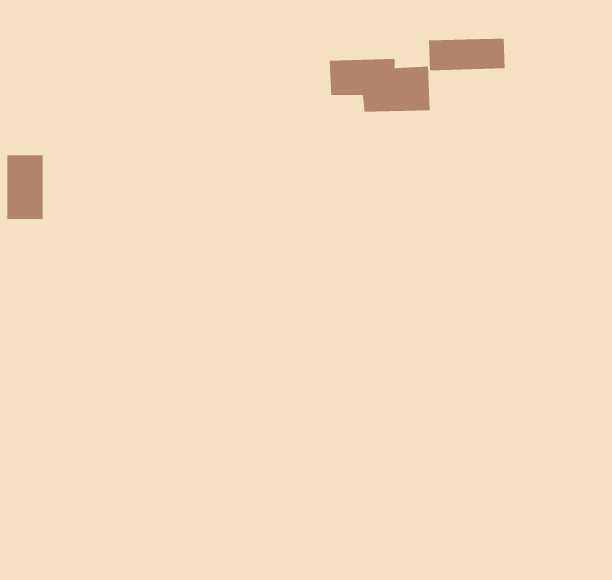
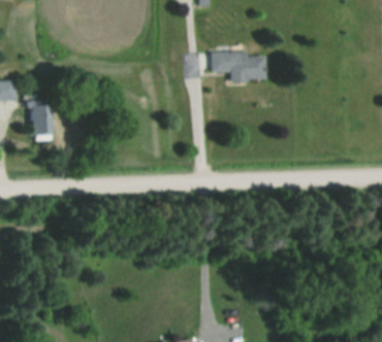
building: [429,38,505,71] -> none

